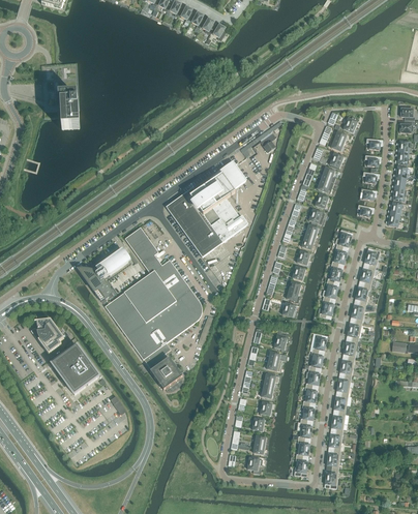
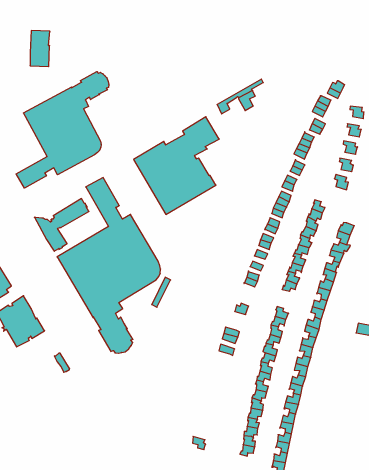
building: none -> [16,72,109,188]

